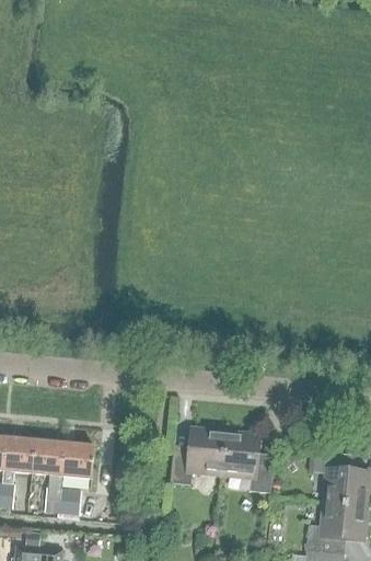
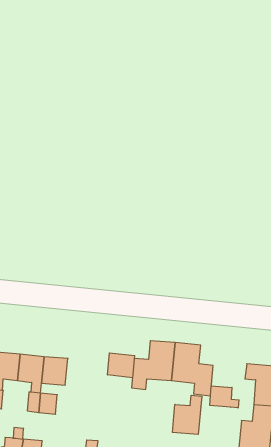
building: none -> [108,353,135,378]
building: none -> [210,386,239,408]
building: none -> [172,395,202,434]

